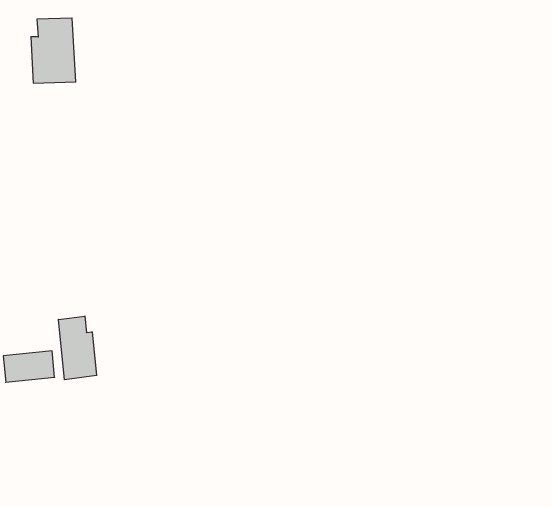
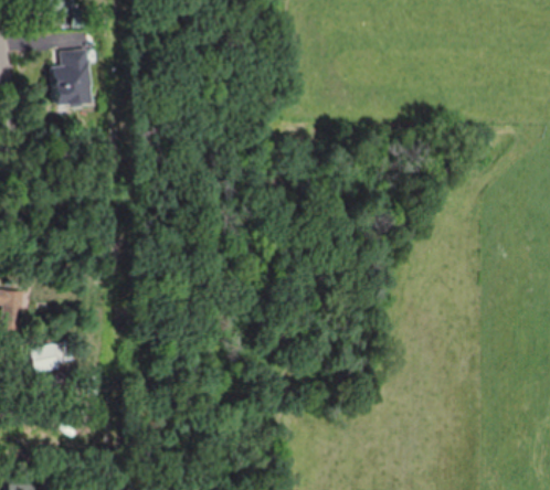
building: [58,316,97,380] -> none

